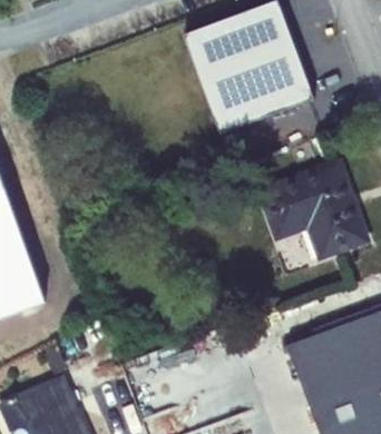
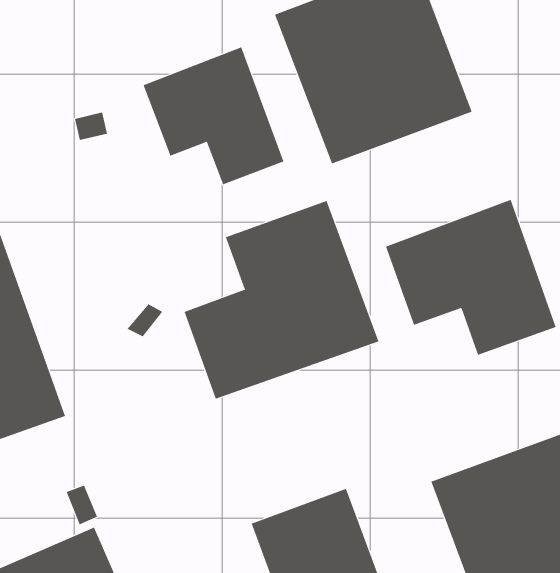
building: none -> [143,47,284,185]
building: none -> [184,200,379,399]

